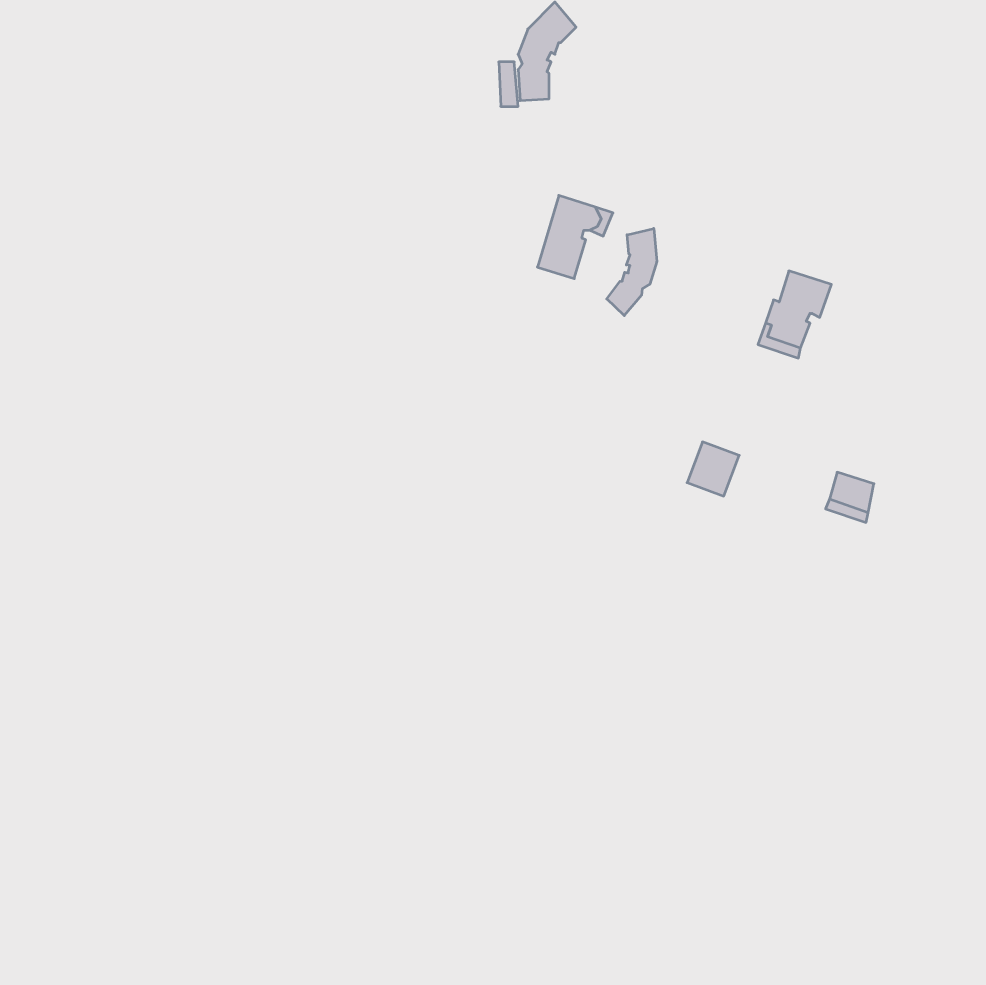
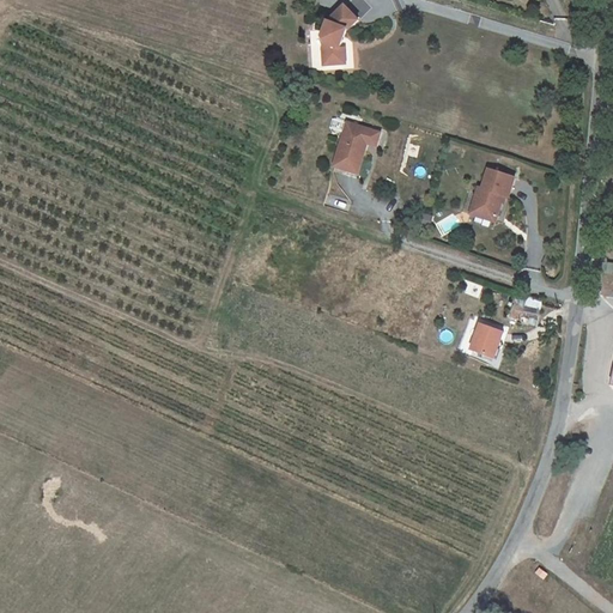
building: [607,228,657,316] -> none
building: [687,442,739,496] -> [471,323,503,357]

